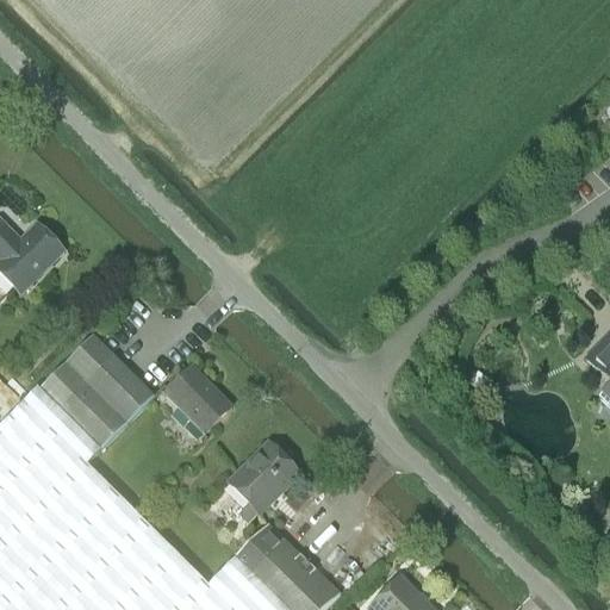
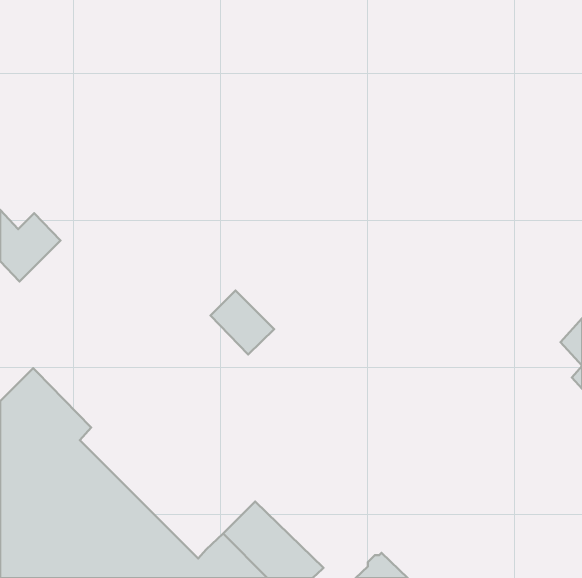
building: [38,336,152,450] -> none
building: [164,367,231,434] -> [211,291,274,354]
building: [229,444,298,524] -> none

